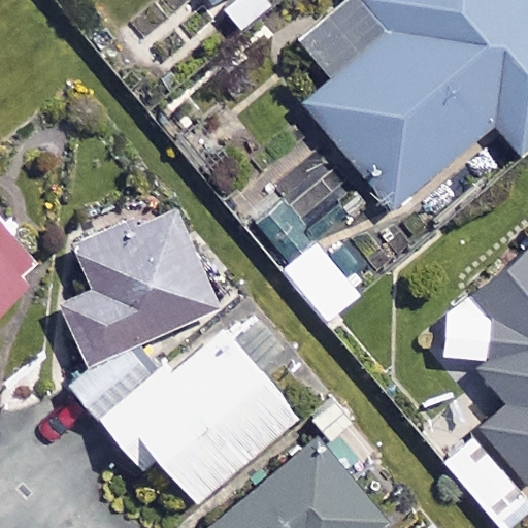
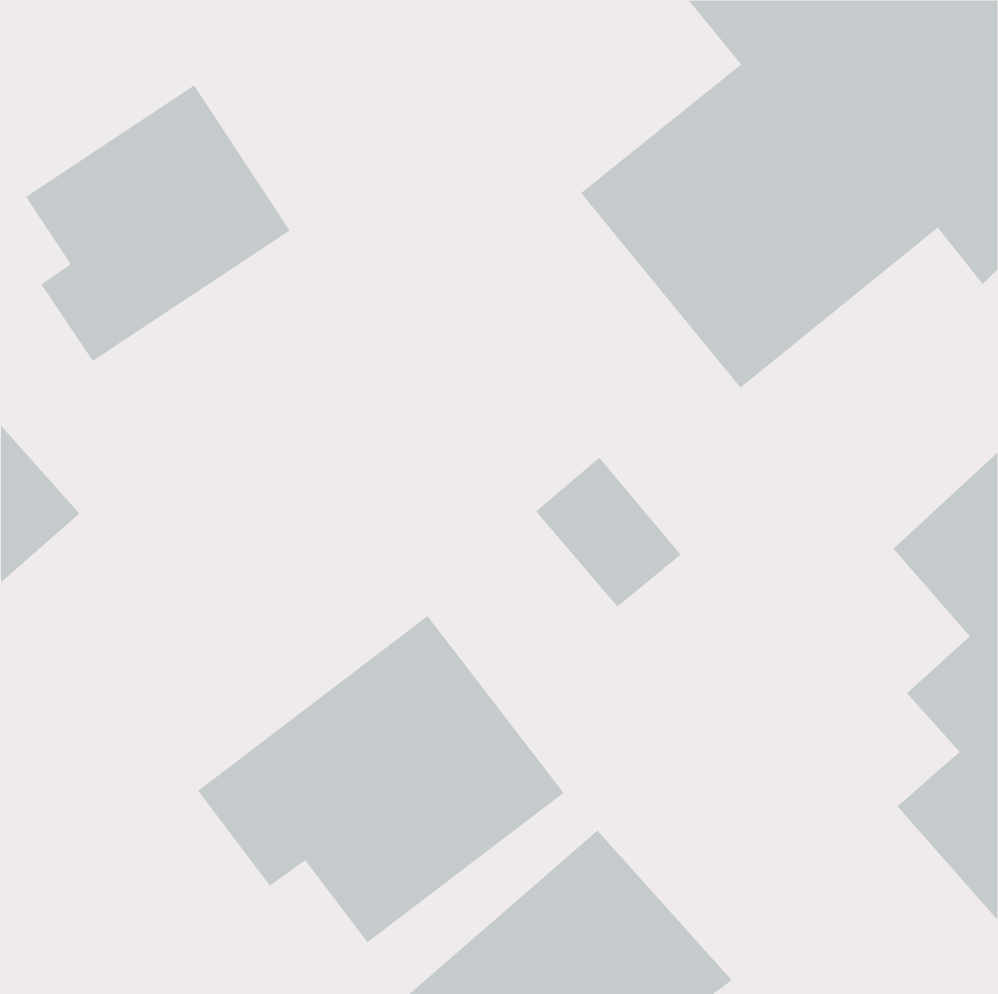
building: none -> [25,85,290,362]
building: [46,218,219,410] -> none

